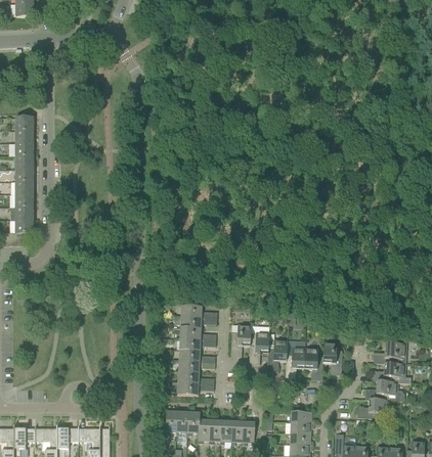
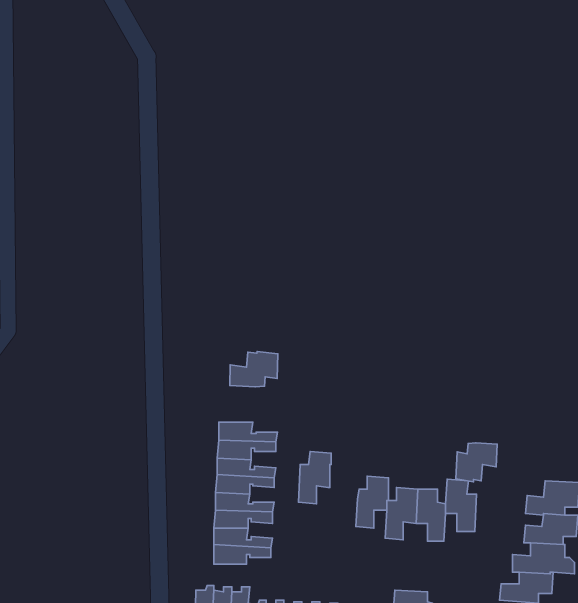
building: none -> [230,351,278,387]
building: none -> [456,443,497,482]
building: [249,331,268,363] -> none

